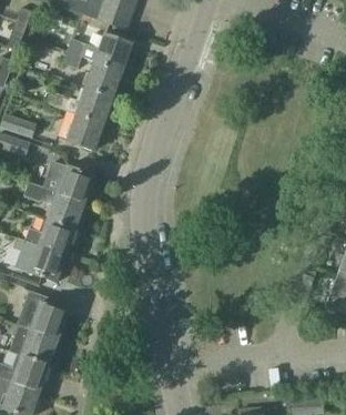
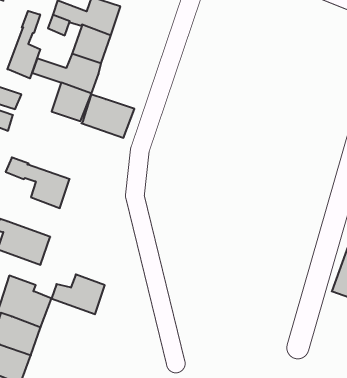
building: none -> [7,11,40,78]
building: [43,162,92,202] -> [81,94,134,138]
building: [24,219,73,255] -> [52,274,105,314]

